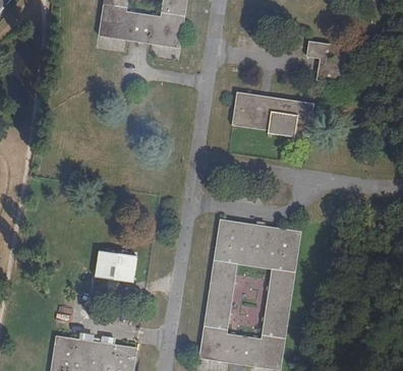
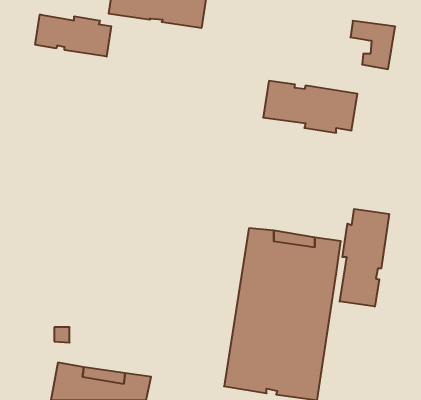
building: none -> [35,14,111,57]
building: none -> [340,209,389,307]
building: [91,249,134,280] -> none

